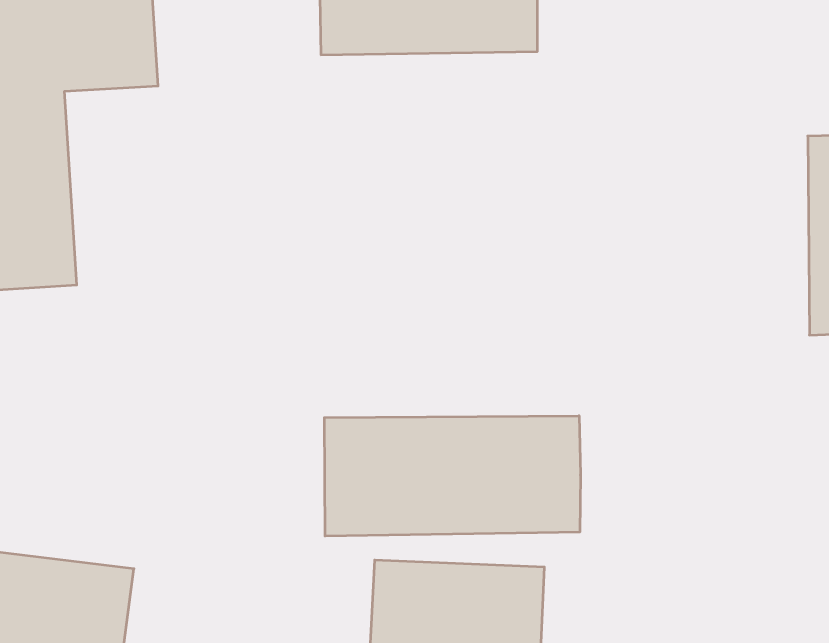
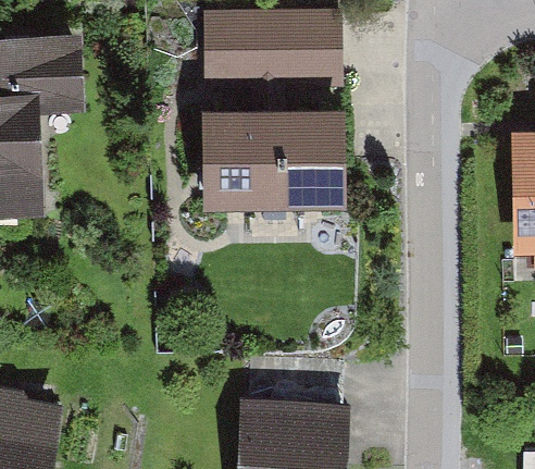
building: none -> [201,109,345,208]
building: [324,416,580,536] -> none

